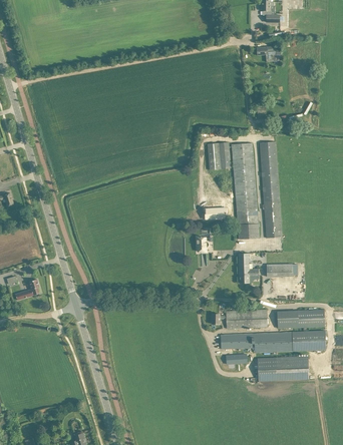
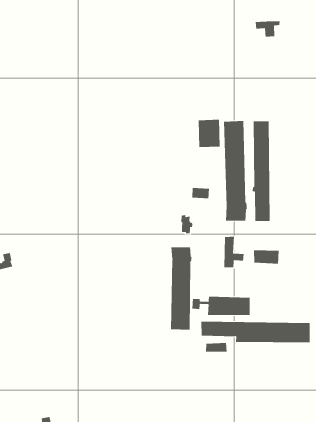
building: none -> [170,247,192,330]
building: [278,308,325,327] -> none
building: [257,355,309,380] -> none

